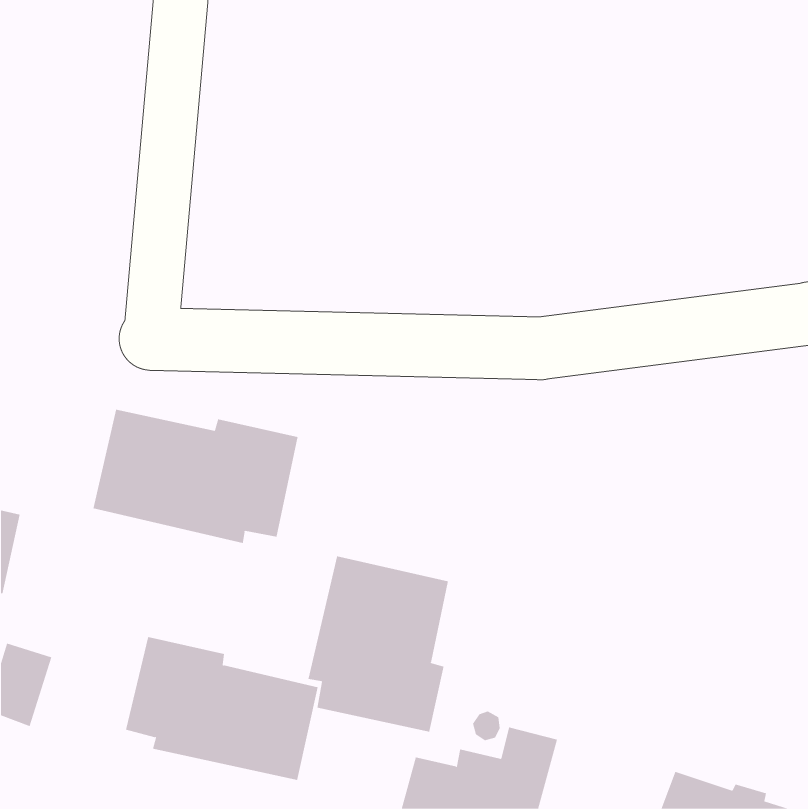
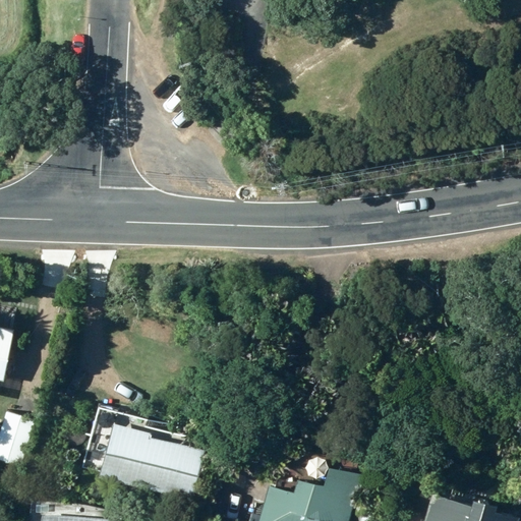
building: [93,409,298,544] -> none
building: [308,556,449,732] -> none

